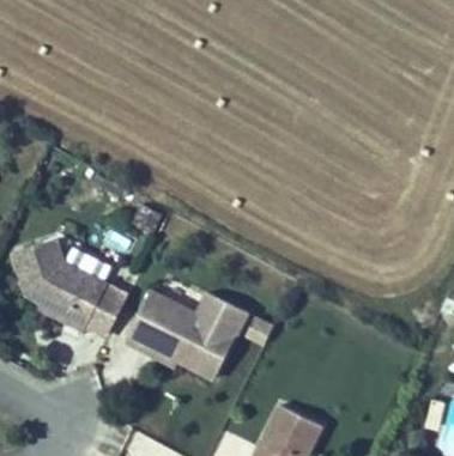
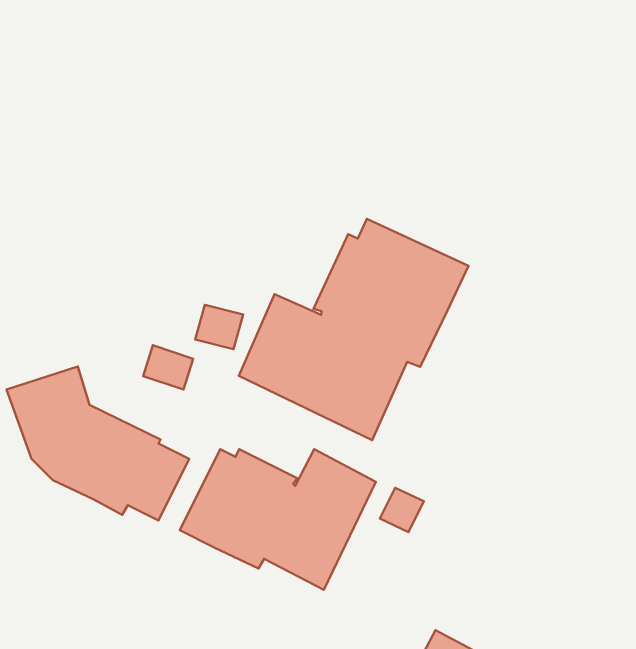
building: none -> [239,219,468,440]

